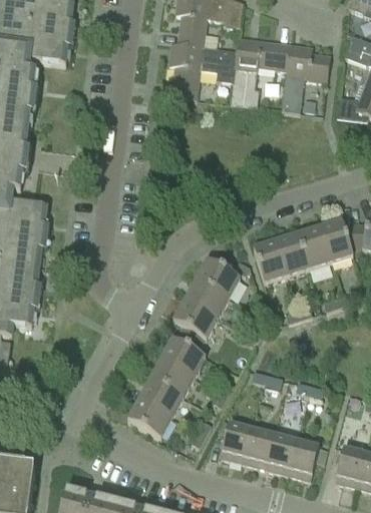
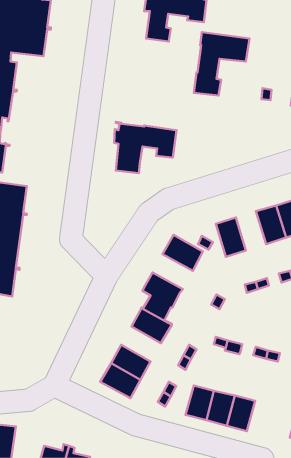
building: [169,41,238,97] -> [114,122,176,173]
building: [282,43,330,111] -> none
building: [276,231,309,275] -> none
building: [184,279,229,317] -> none
building: [150,358,194,396] -> none
building: [288,439,319,478] -> none

